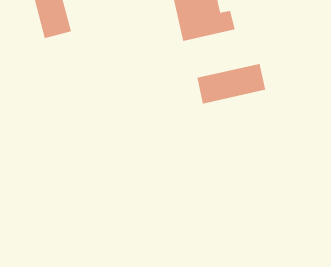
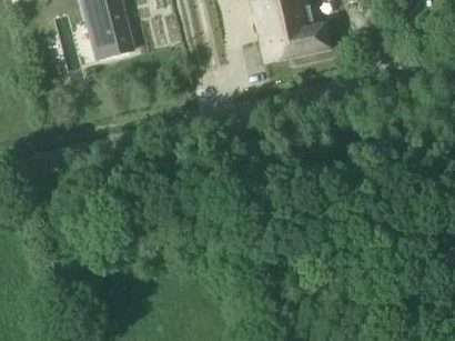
building: [197,63,266,104] -> none

